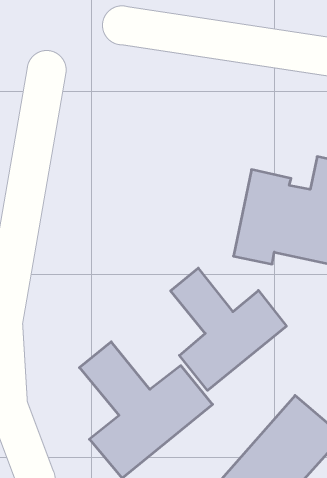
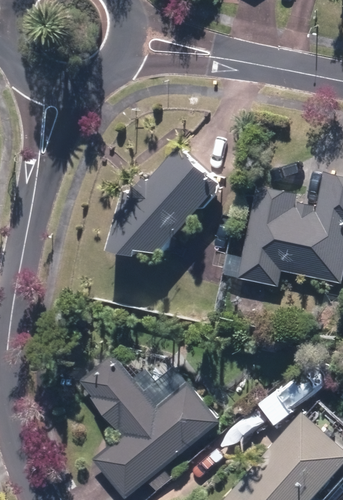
building: none -> [108,150,217,256]
building: [171,268,286,390] -> none

